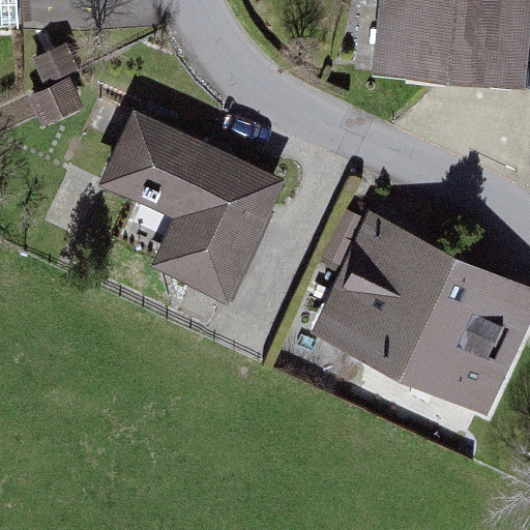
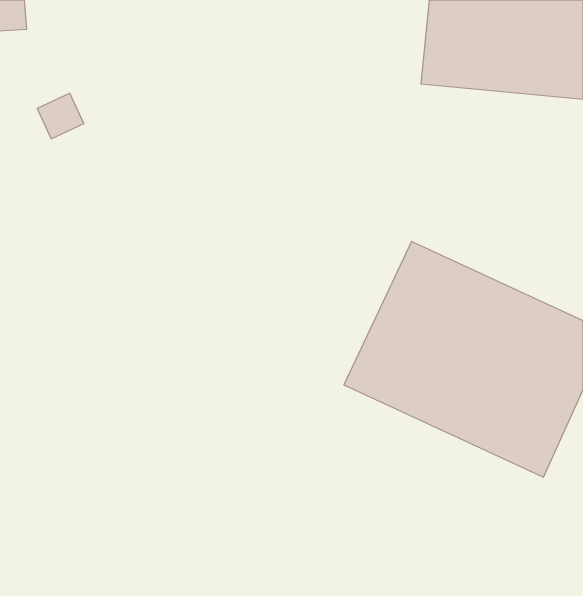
building: [100,108,293,301] -> none

